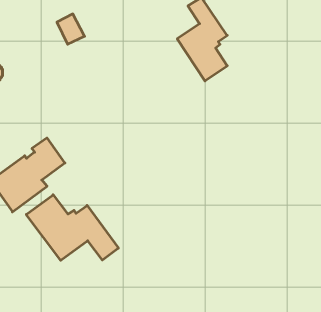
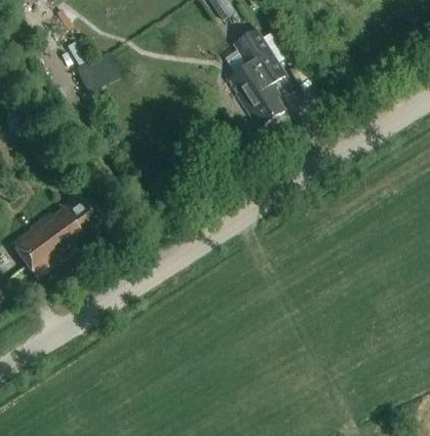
building: [26,195,118,260] -> none

